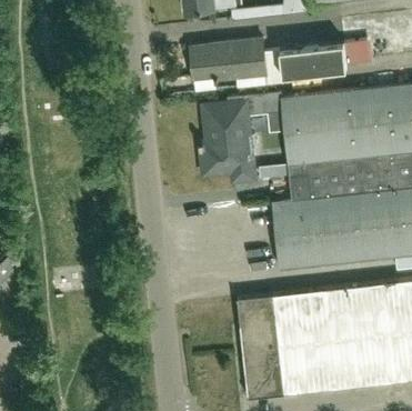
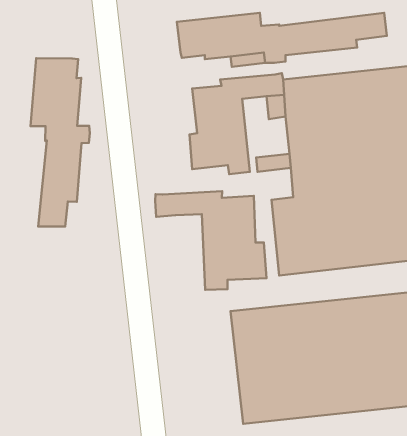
building: none -> [31,58,90,227]
building: none -> [155,191,267,290]

